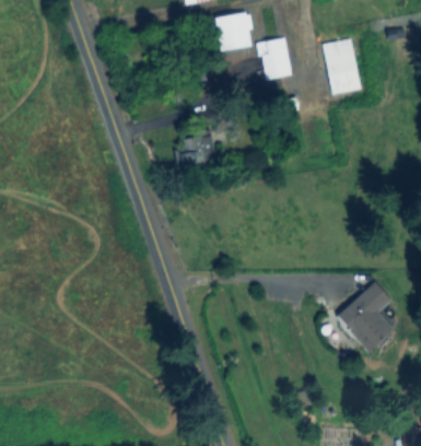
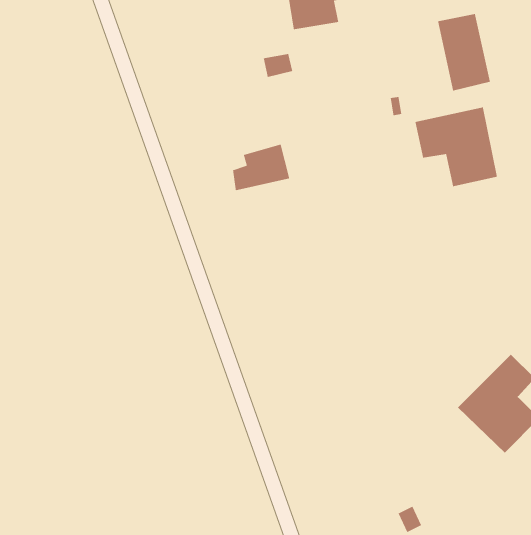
building: [259,39,291,79] -> none
building: none -> [415,107,498,187]

